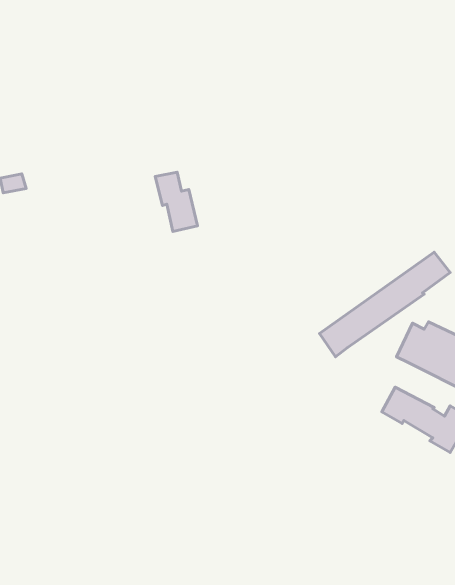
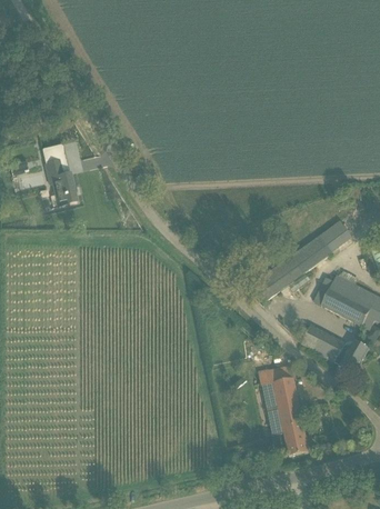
building: [155,172,197,232] -> [46,160,78,206]
building: none -> [262,366,310,456]

